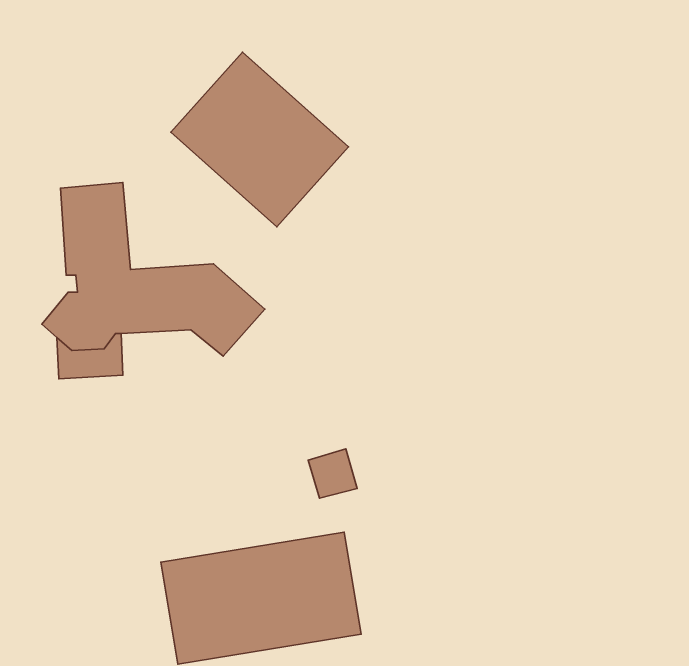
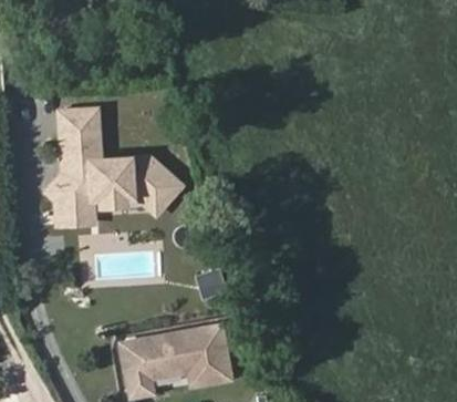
building: [171,52,349,227] -> none

